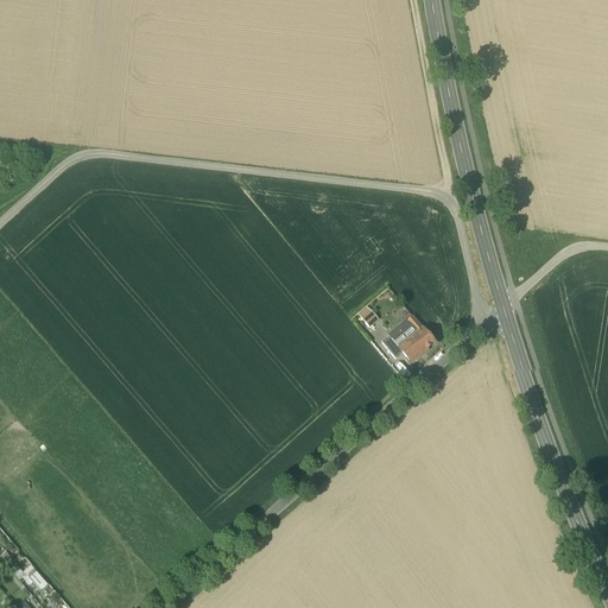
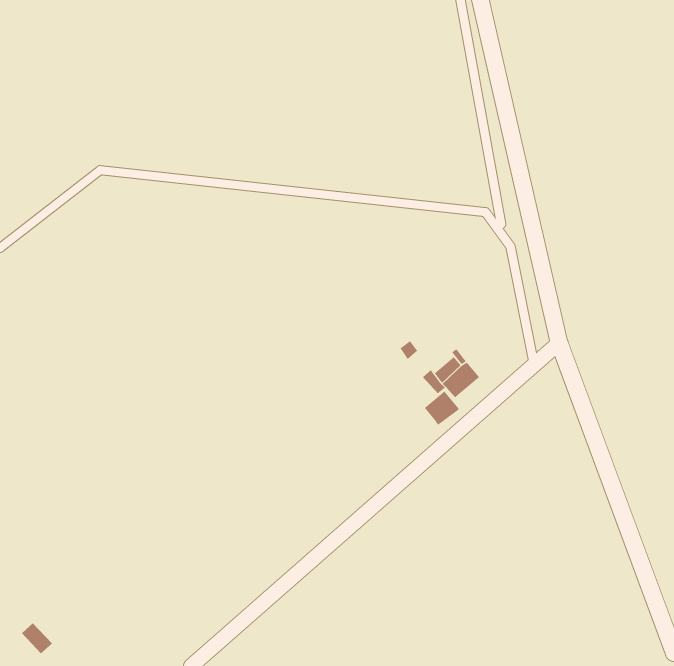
building: none -> [424,390,460,426]

